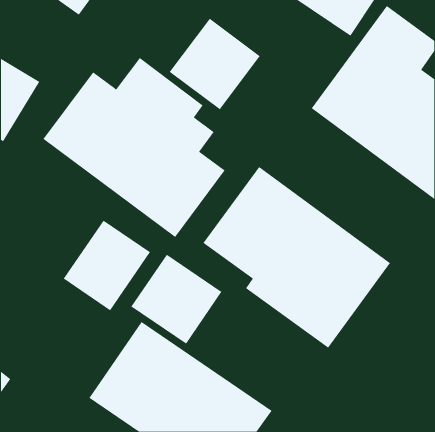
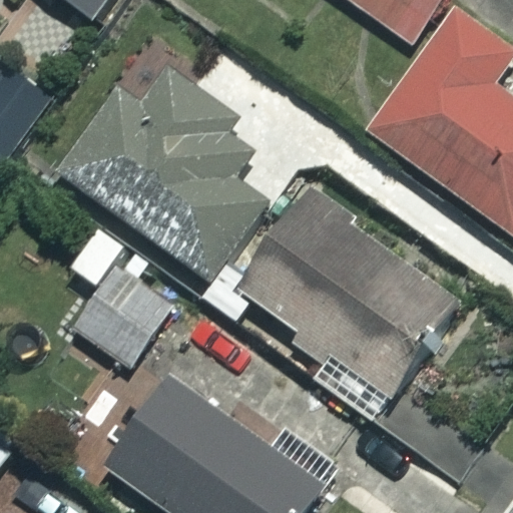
building: [169,18,261,110] -> none
building: [131,254,222,345] -> none

